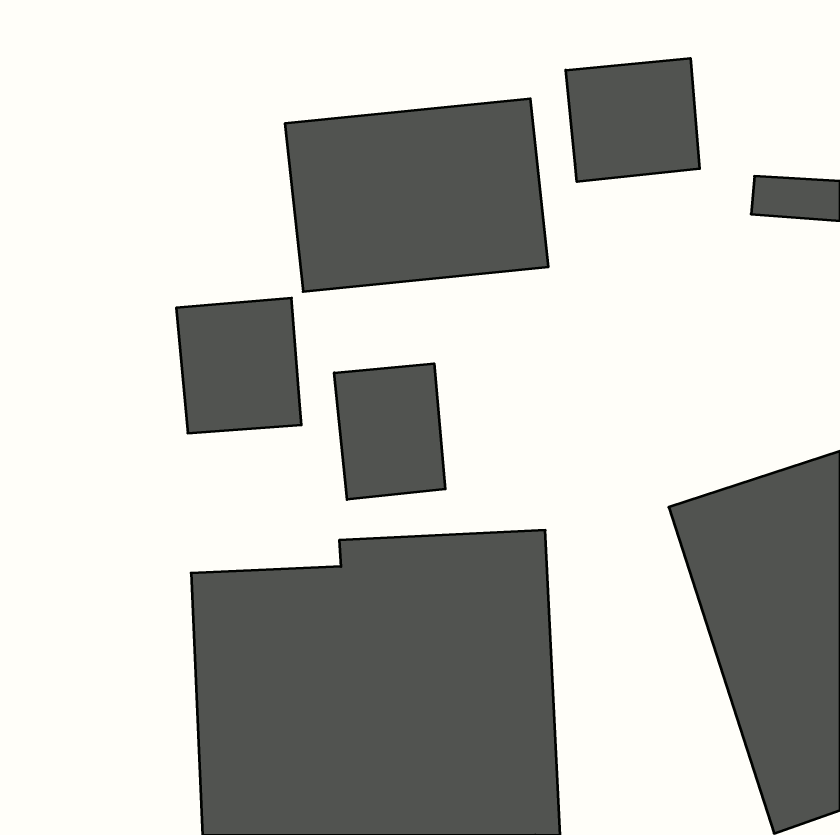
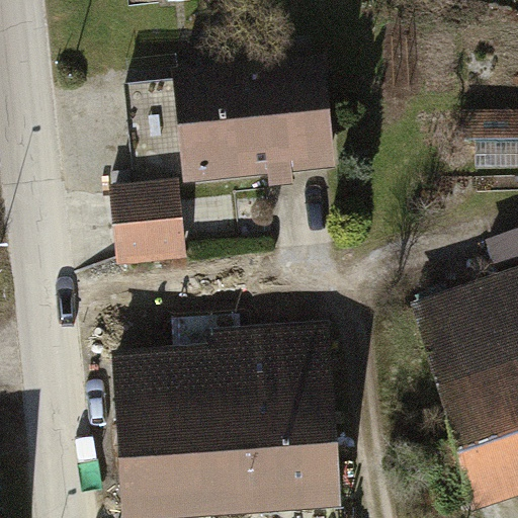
building: [566,58,700,182] -> none
building: [334,364,445,500] -> none

